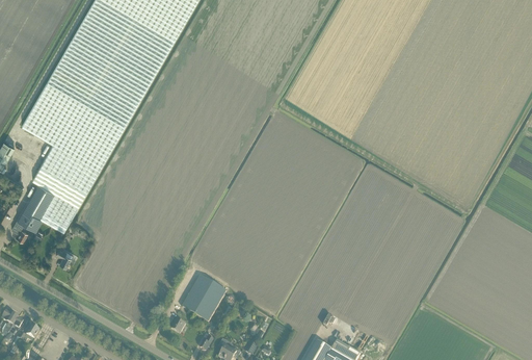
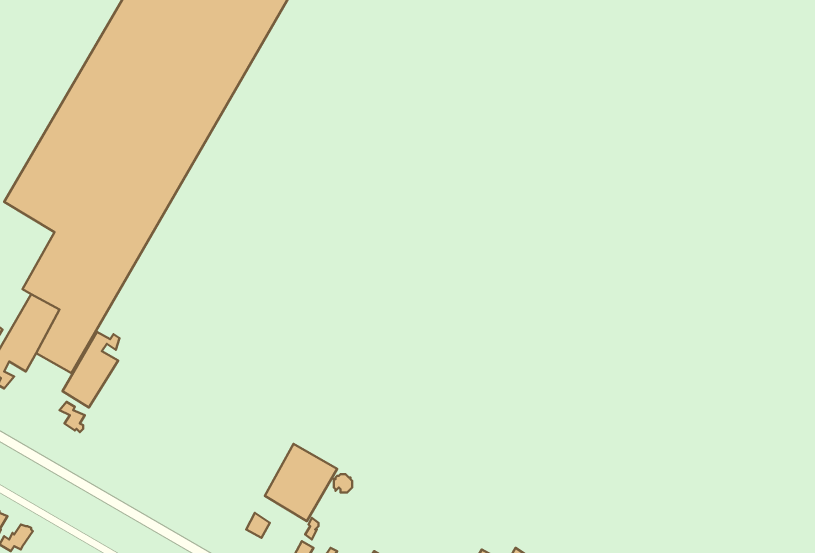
building: none -> [62,332,120,407]

